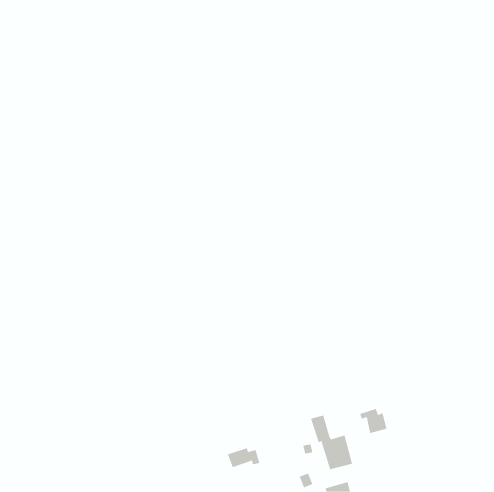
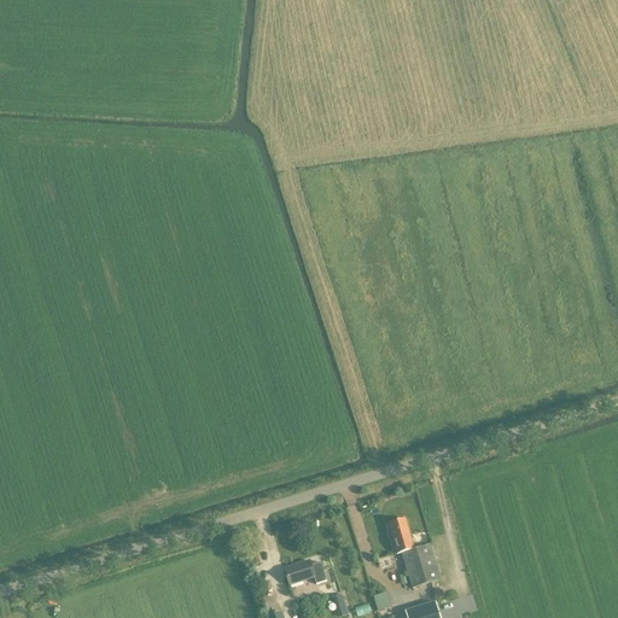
building: [359,408,387,434] -> none

